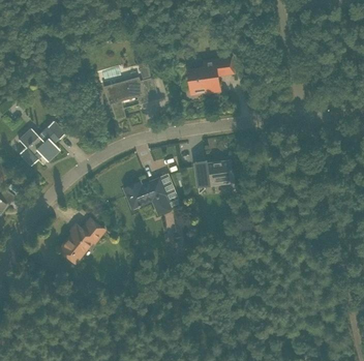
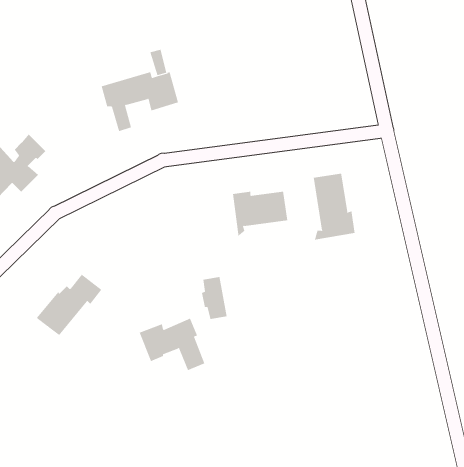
building: [188,57,234,94] -> none
building: none -> [313,173,355,240]
building: [124,177,171,214] -> [139,318,205,371]

